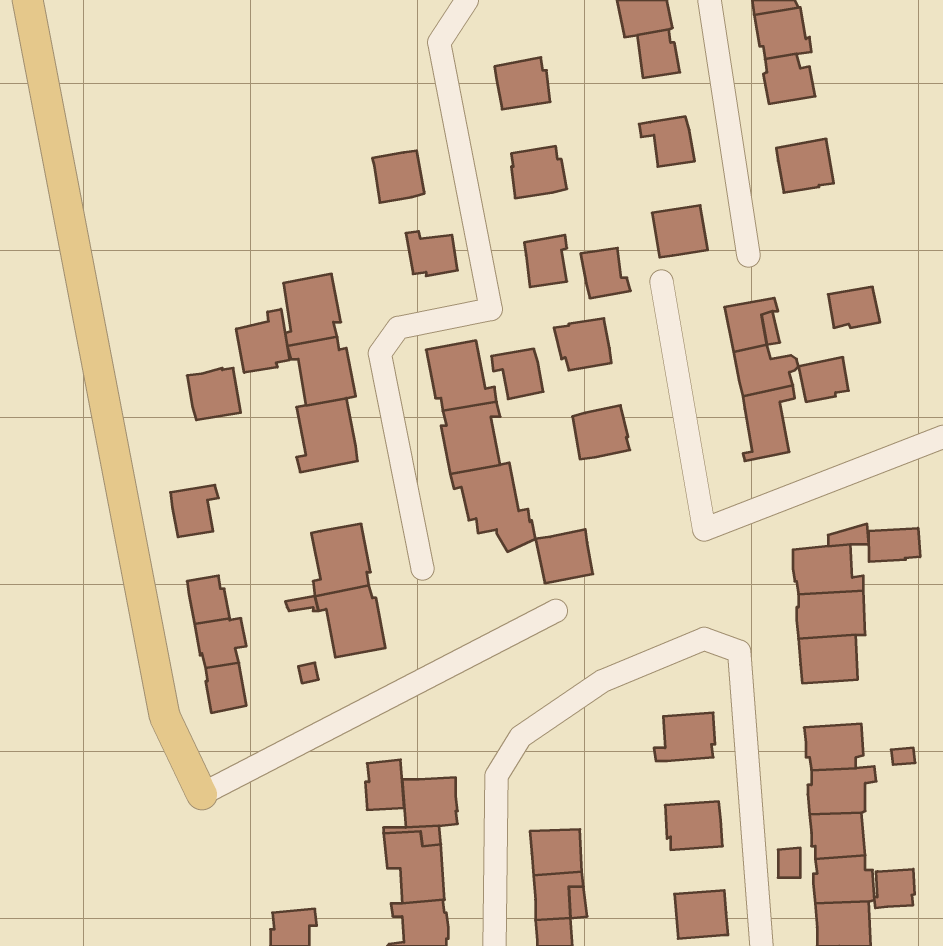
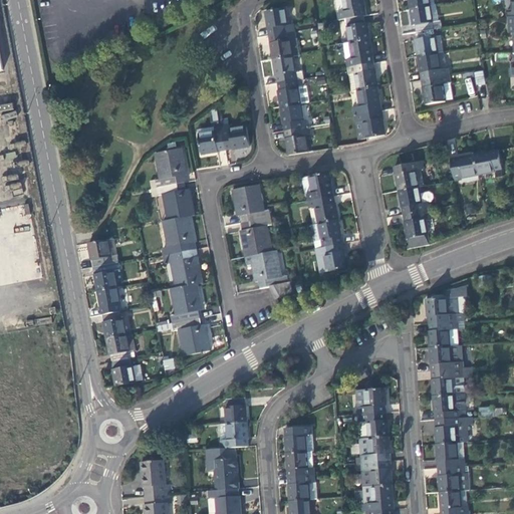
building: none -> [264,8,293,36]
building: none -> [342,39,371,67]
building: none -> [417,52,448,80]
building: none -> [272,56,301,83]
building: [372,151,424,203] -> [196,126,224,155]
building: none -> [352,87,379,115]
building: [581,248,631,298] -> [279,104,306,132]
building: [236,309,289,373] -> none
building: [491,349,543,399] -> [308,197,336,224]
building: [798,357,849,402] -> [473,151,500,175]
building: [187,368,241,420] -> [87,239,116,267]
building: none -> [163,250,201,288]
building: [869,528,920,562] -> none
building: [535,529,593,583] -> [314,244,345,273]
building: none -> [96,288,118,315]
building: none -> [435,367,474,395]
building: none -> [359,411,390,437]
building: [365,760,404,810] -> [226,396,247,423]
building: none -> [286,425,314,451]
building: none -> [143,459,171,495]
building: none -> [363,459,393,485]
building: [874,869,915,908] -> none

